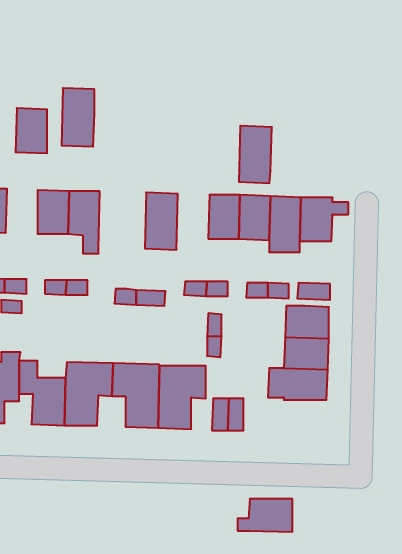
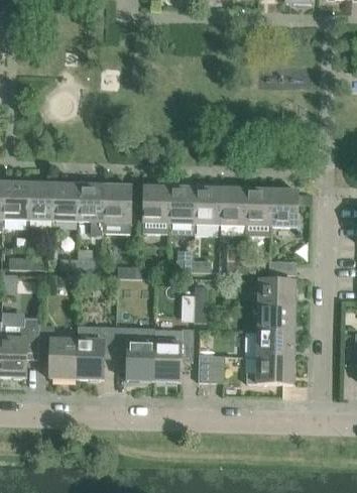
building: [62,88,94,147] -> [104,183,131,232]
building: [15,108,47,153] -> [27,181,53,219]
building: [239,126,272,183] -> [168,186,196,233]
building: [238,499,292,532] -> [247,356,292,383]

